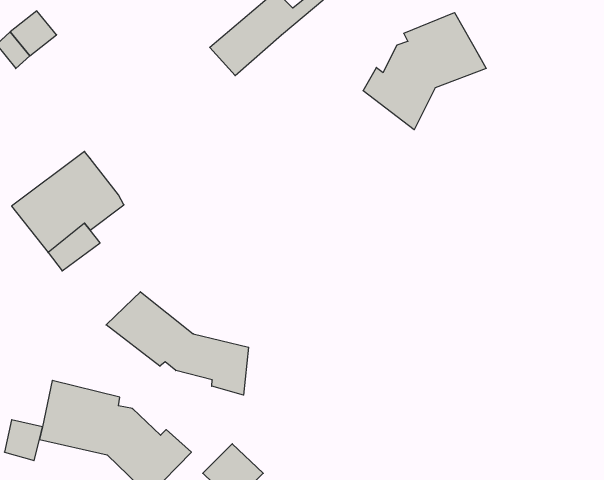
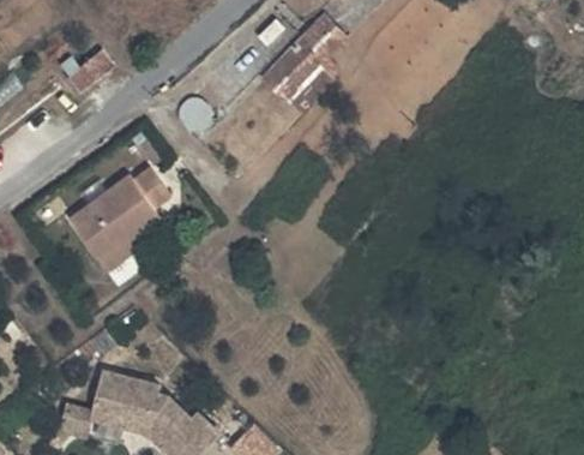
building: [363,13,486,130] -> none
building: [106,292,249,395] -> none

